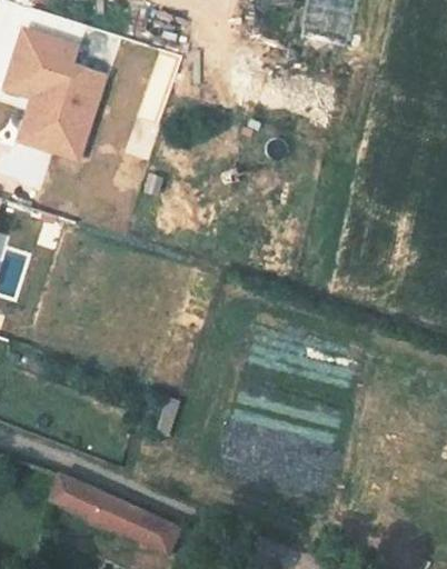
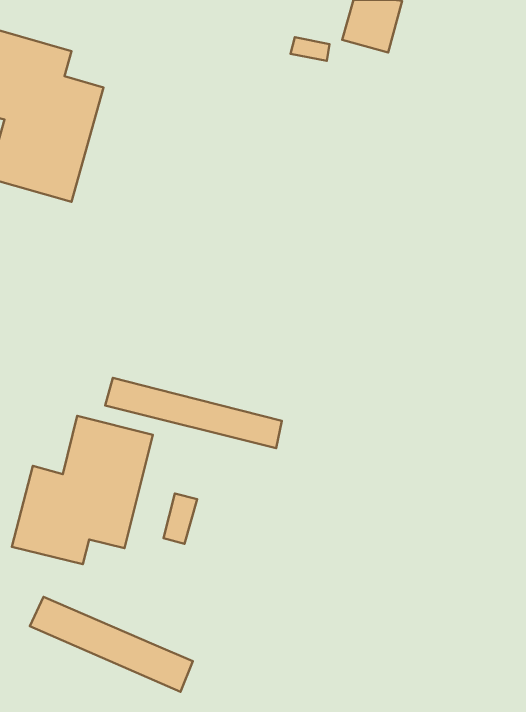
building: none -> [105,378,282,448]
building: none -> [12,416,153,564]

